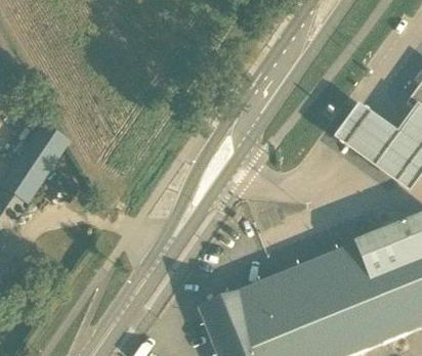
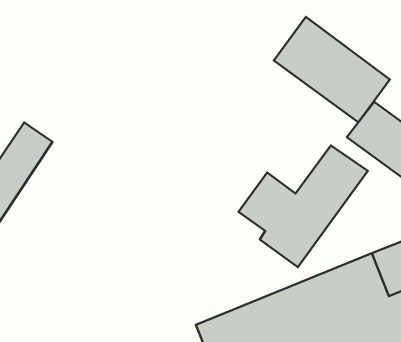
building: none -> [274,17,390,122]
building: none -> [239,145,368,267]

